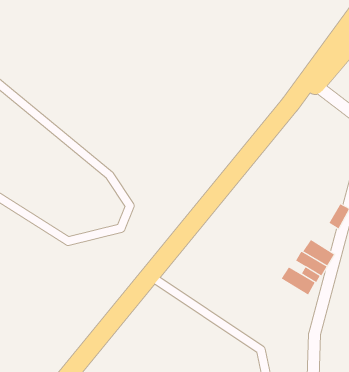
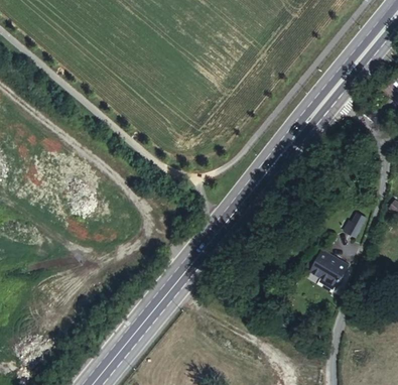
building: [281,266,316,296] -> none

